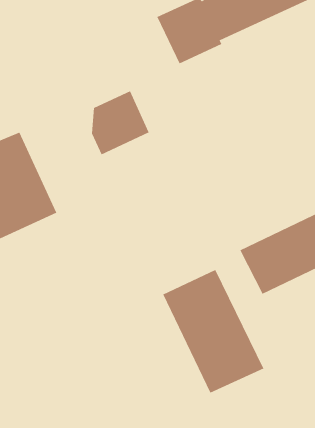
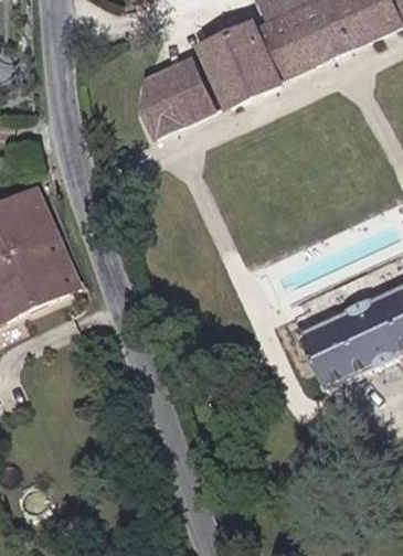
building: [91,91,150,155] -> [141,60,212,138]
building: [162,269,264,394] -> none

